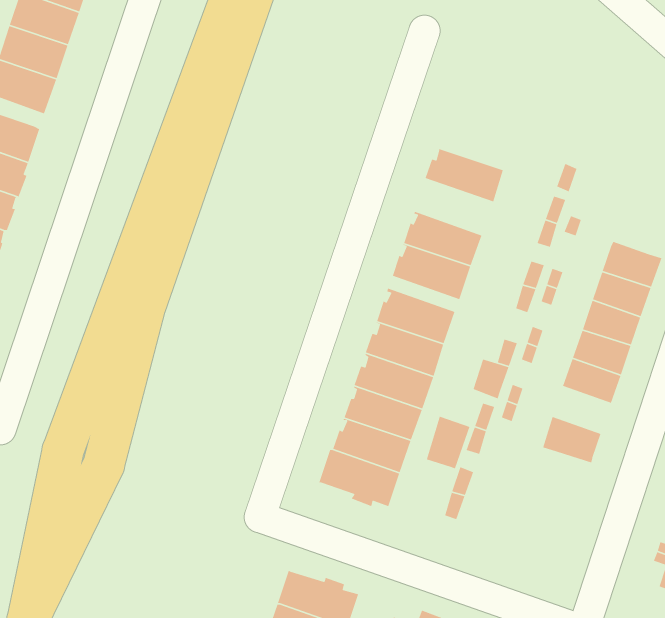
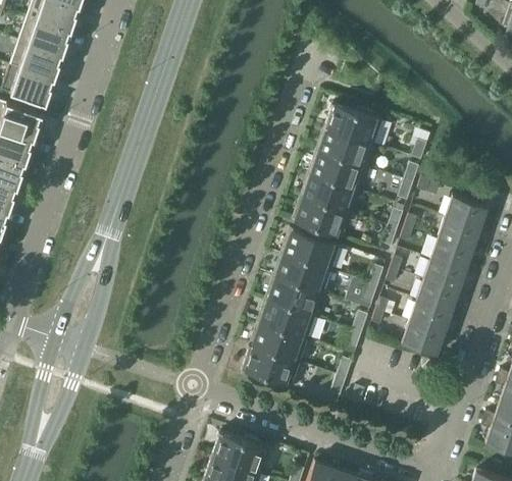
building: none -> [323,103,382,145]
building: none -> [309,151,366,192]
building: none -> [408,301,451,334]
building: [426,416,471,470] -> none

